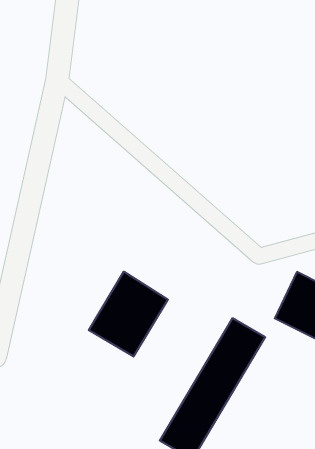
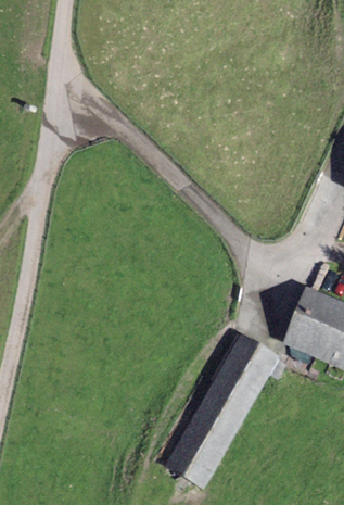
building: [89,272,168,357] -> none

